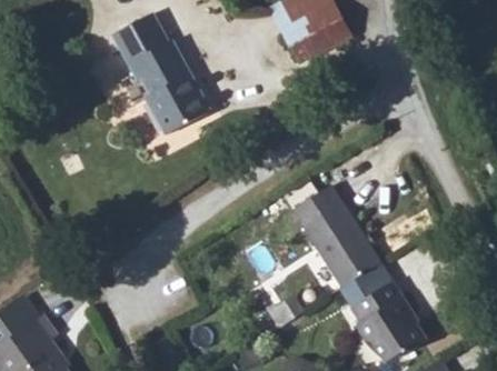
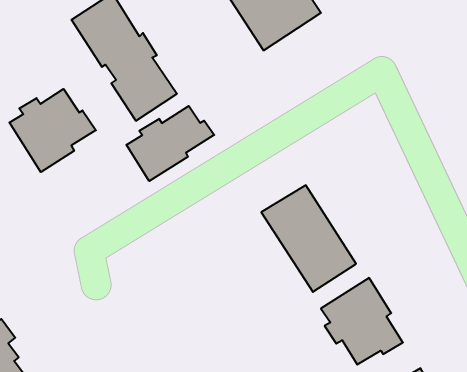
building: none -> [9,89,96,172]
building: none -> [126,106,214,181]

